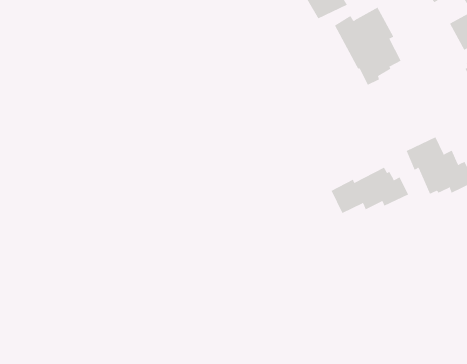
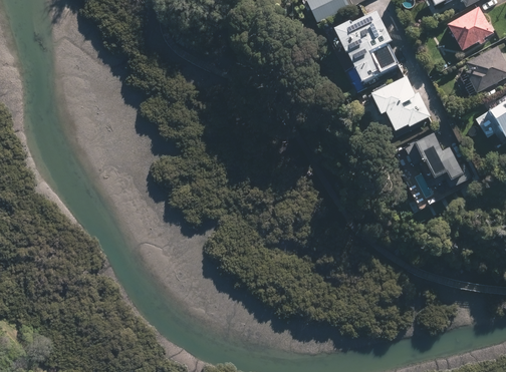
building: none -> [371,75,430,127]
building: [331,167,409,214] -> none

